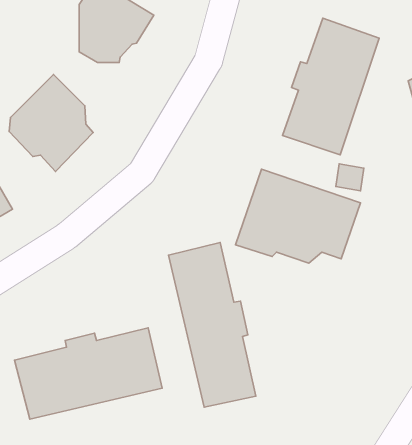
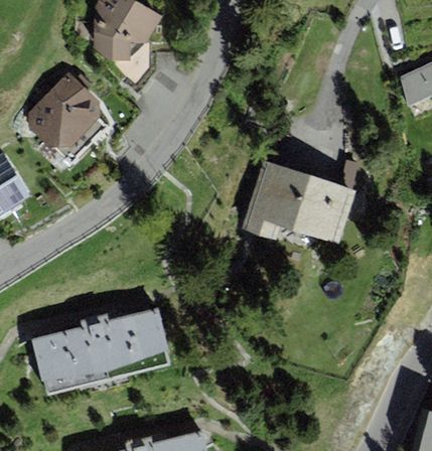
building: [282,18,379,155] -> none
building: [168,243,256,407] -> none

